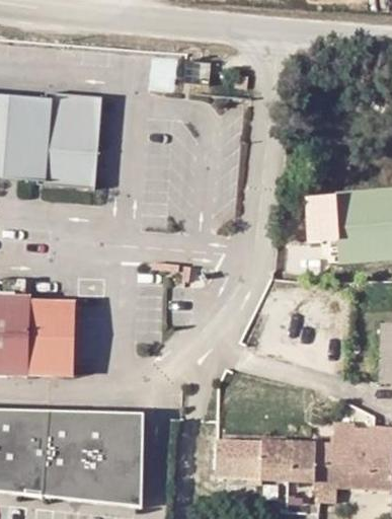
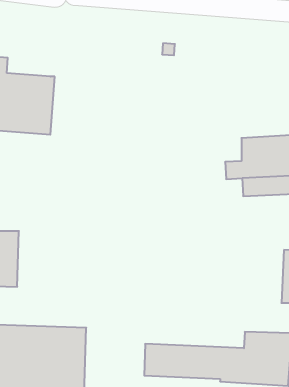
building: [50,93,102,120] -> none

